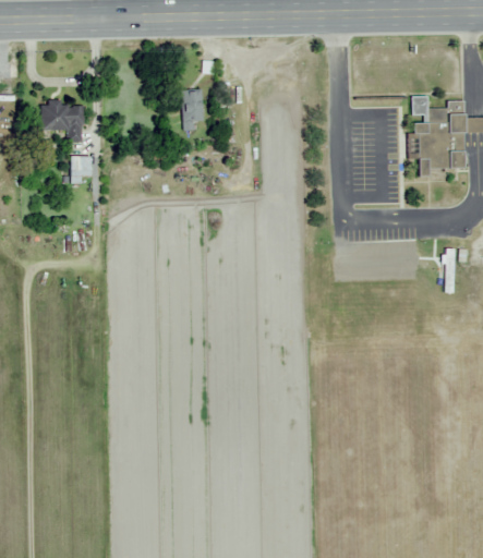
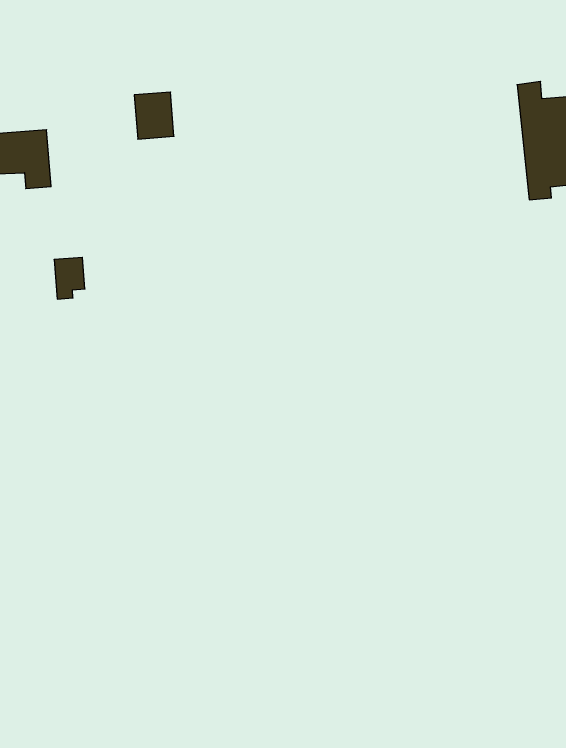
building: [179,90,204,121] -> [134,92,174,139]
building: [72,156,92,183] -> [54,257,85,299]

